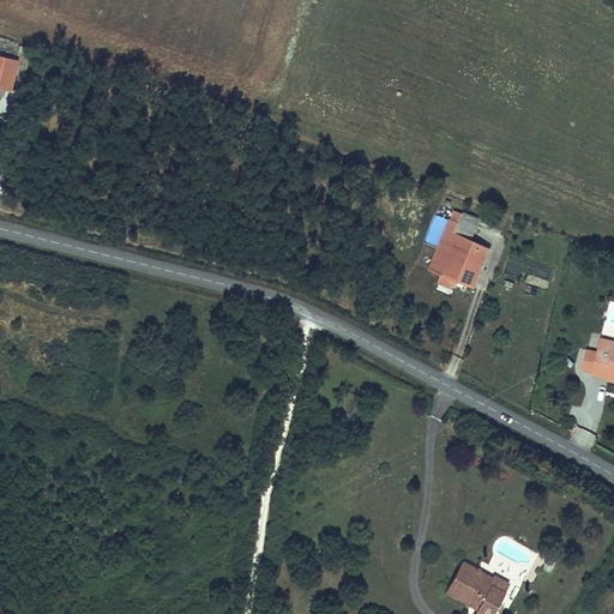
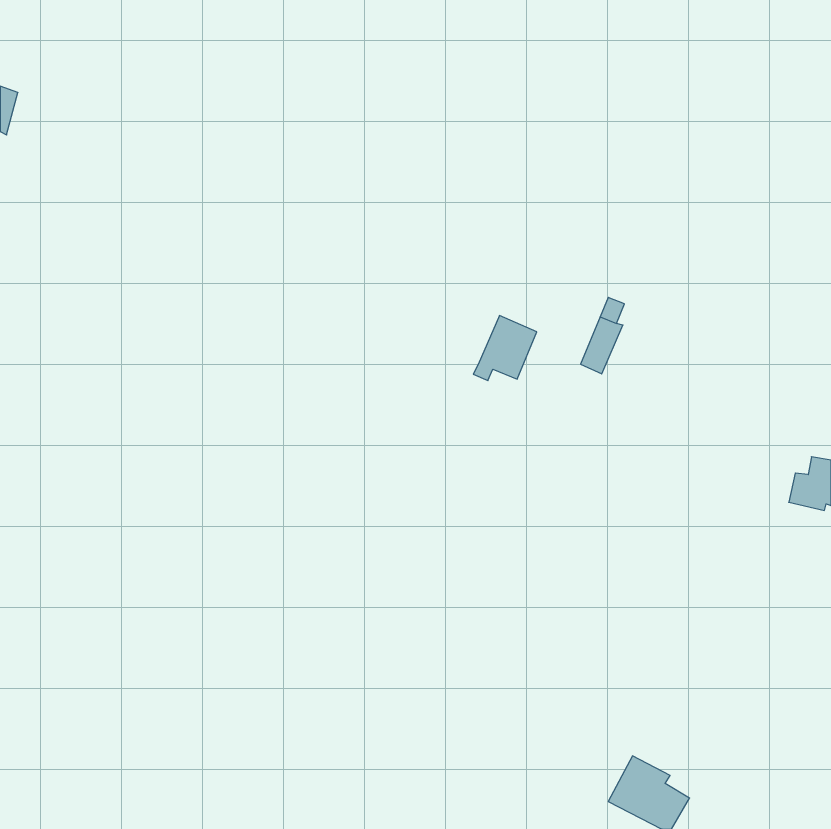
building: [440,240,487,288] -> [473,316,537,381]

